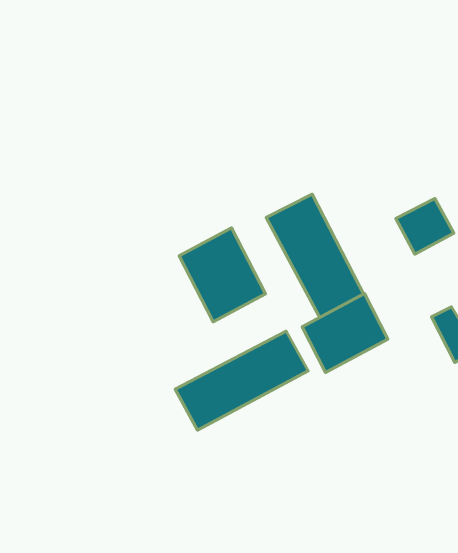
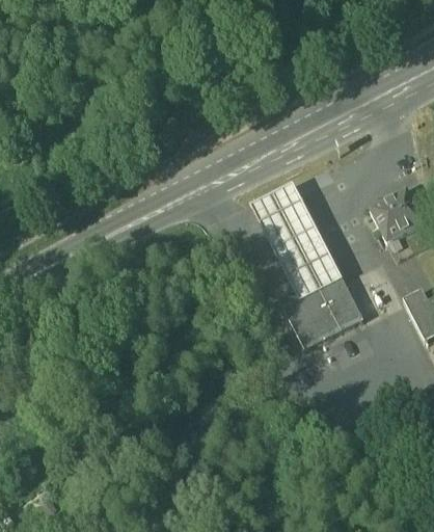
building: [179,228,266,322] -> none
building: [175,331,308,430] -> none

